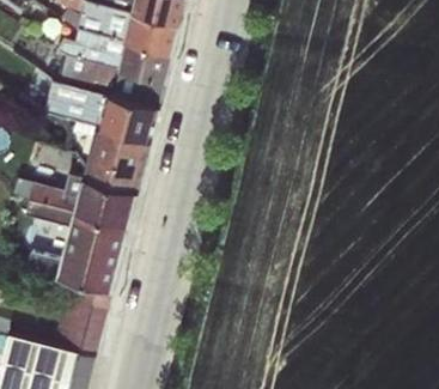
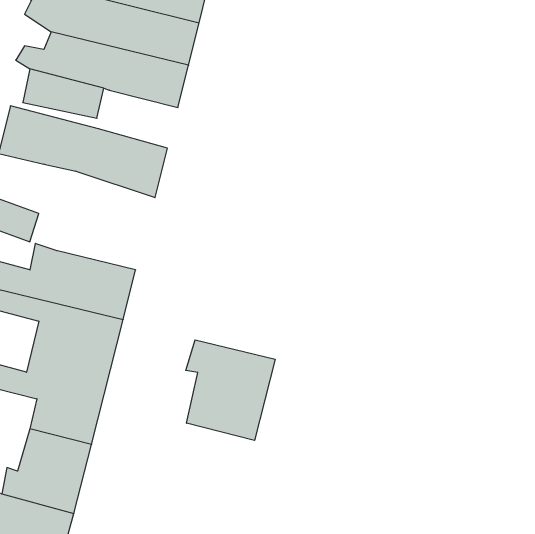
building: [110,69,164,109] -> none
building: [71,120,148,192] -> none
building: none -> [186,340,275,440]

